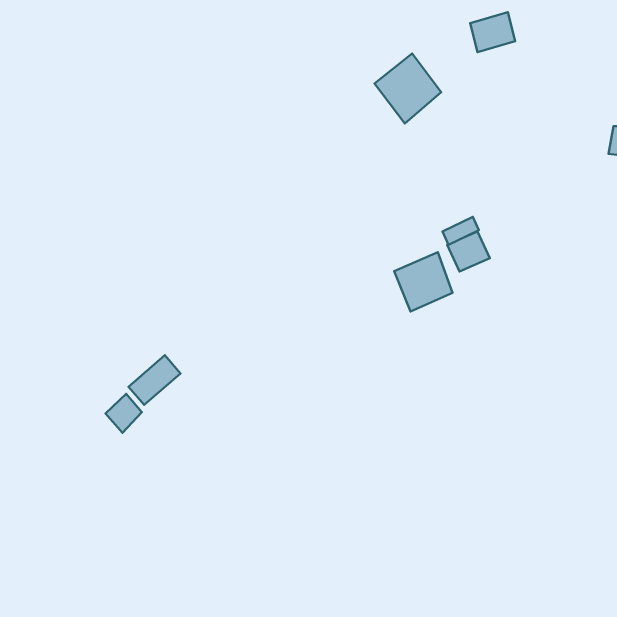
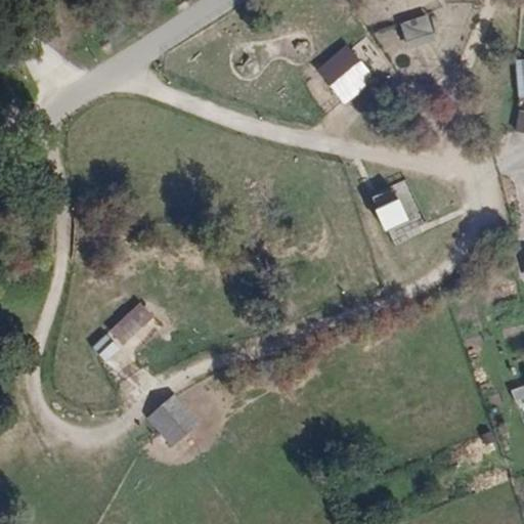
building: [394,252,453,312] -> none
building: none -> [146,393,202,446]

